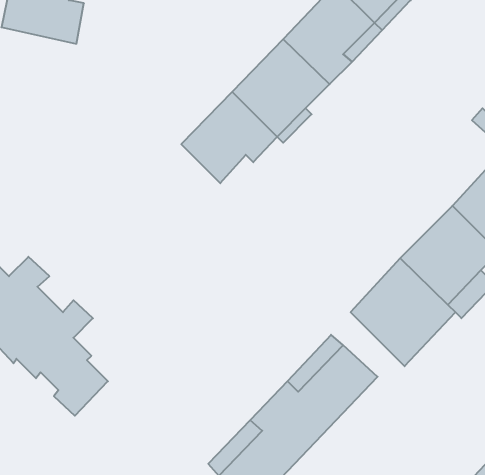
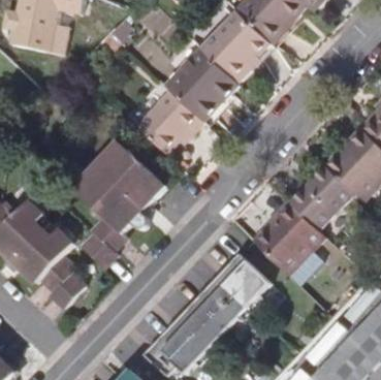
building: none -> [71,144,166,268]

